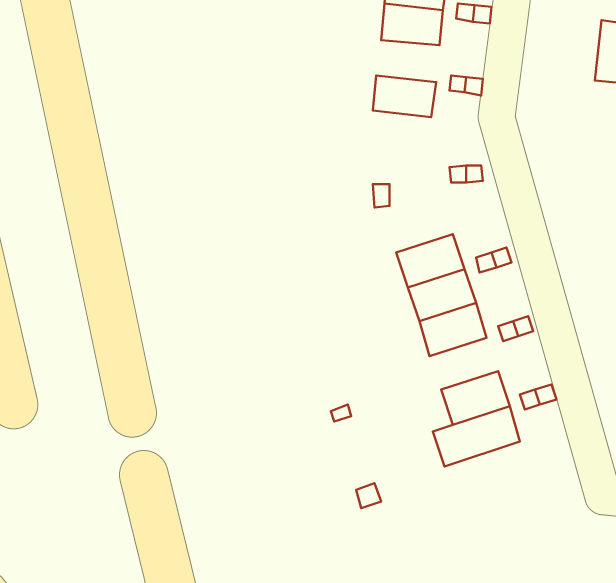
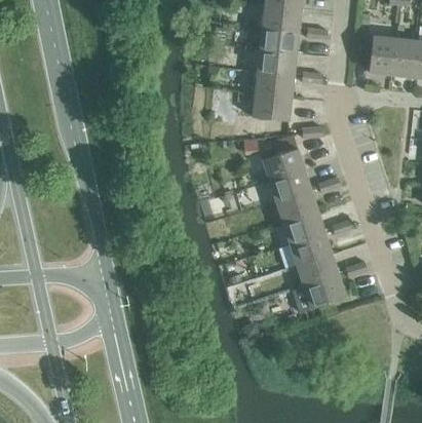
building: none -> [369,36,395,75]
building: none -> [257,50,296,76]
building: none -> [252,93,291,120]
building: none -> [262,148,304,181]
building: none -> [290,233,332,265]

